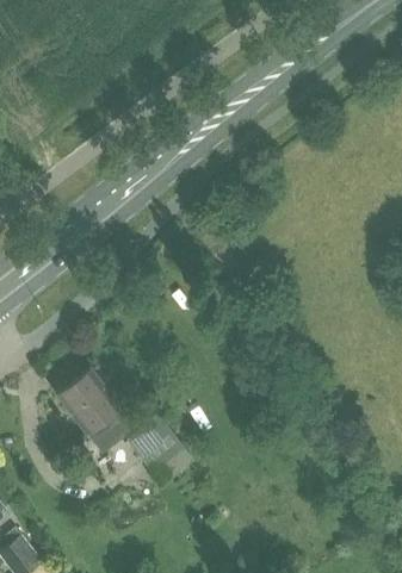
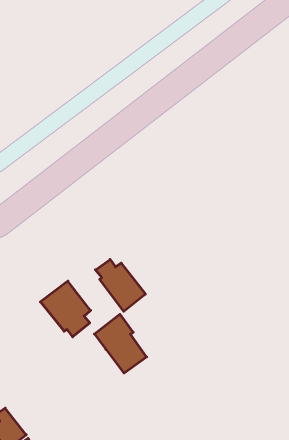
building: none -> [95,259,145,311]

